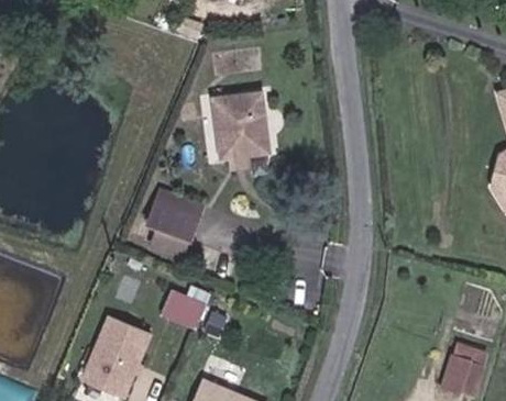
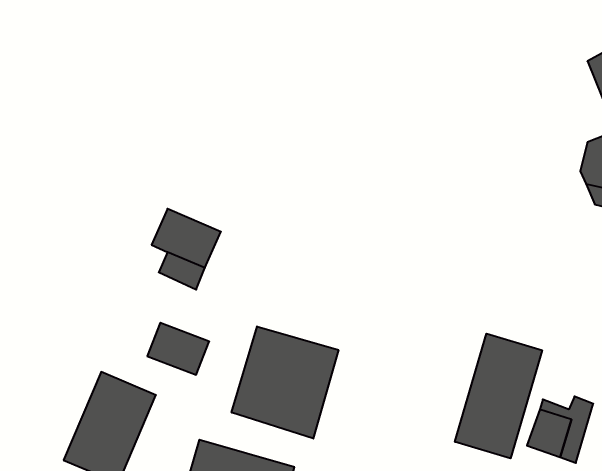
building: [219,94,273,156] -> none
building: none -> [232,326,338,439]
building: none -> [455,334,542,458]

